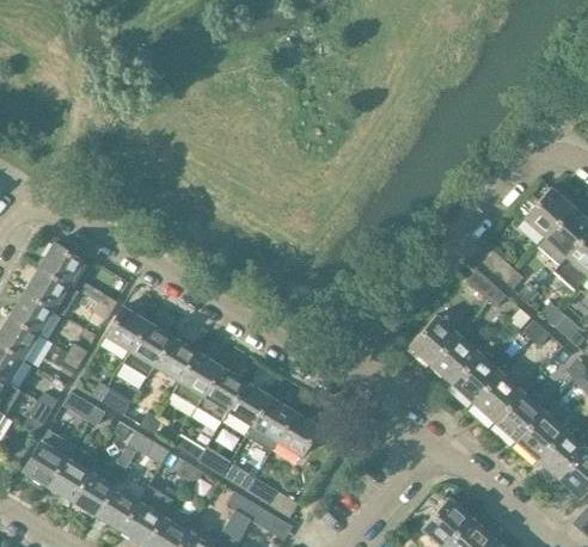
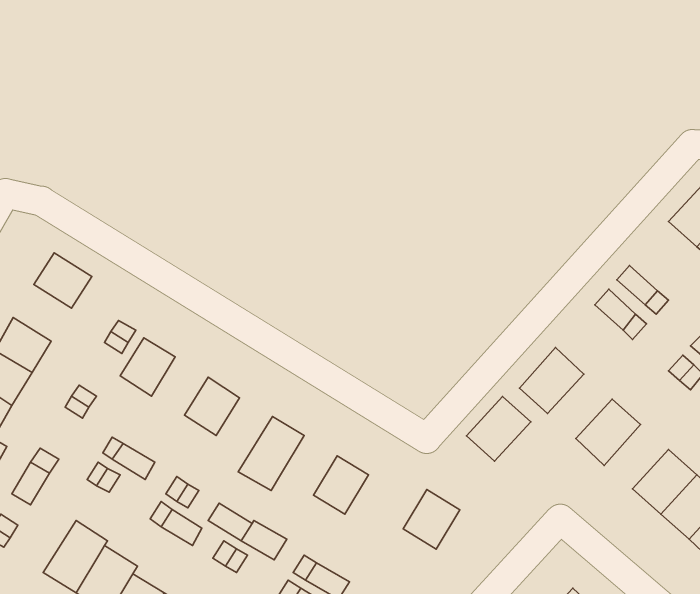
building: [24,268,79,316] -> none
building: [122,322,172,380] -> none
building: [430,336,479,385] -> [466,397,531,461]
building: [171,354,221,410] -> none
building: [473,374,522,423] -> none
building: [227,382,270,428] -> none
building: [276,412,319,457] -> [403,489,460,549]
building: [23,431,72,486] -> none

